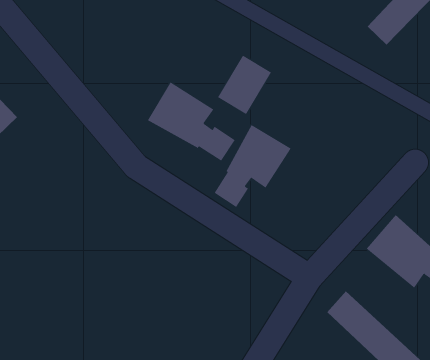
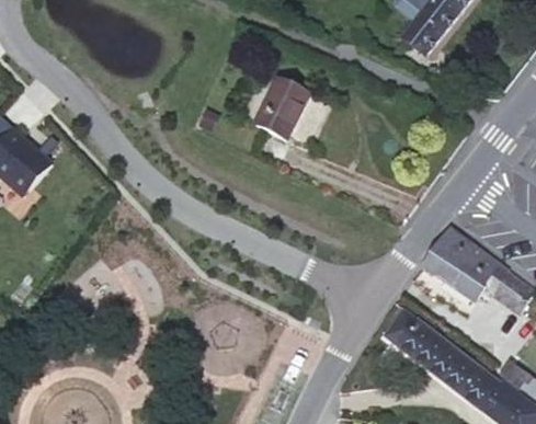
building: [147,81,236,161] -> none
building: [214,124,292,208] -> none

